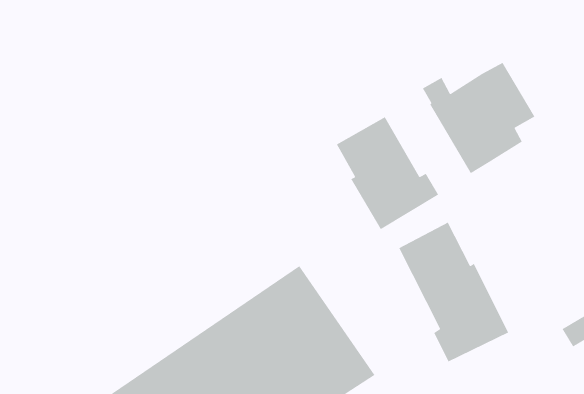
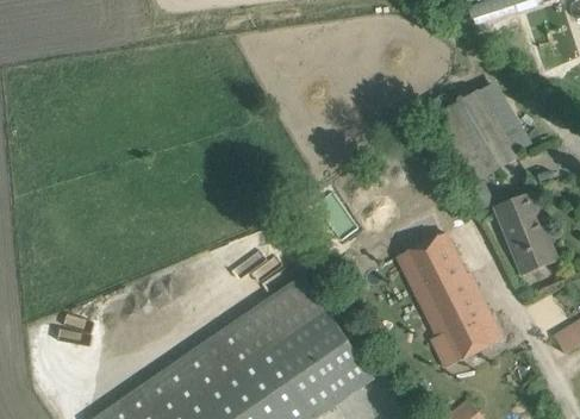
building: [336,116,439,230] -> none
building: none -> [494,194,556,274]

